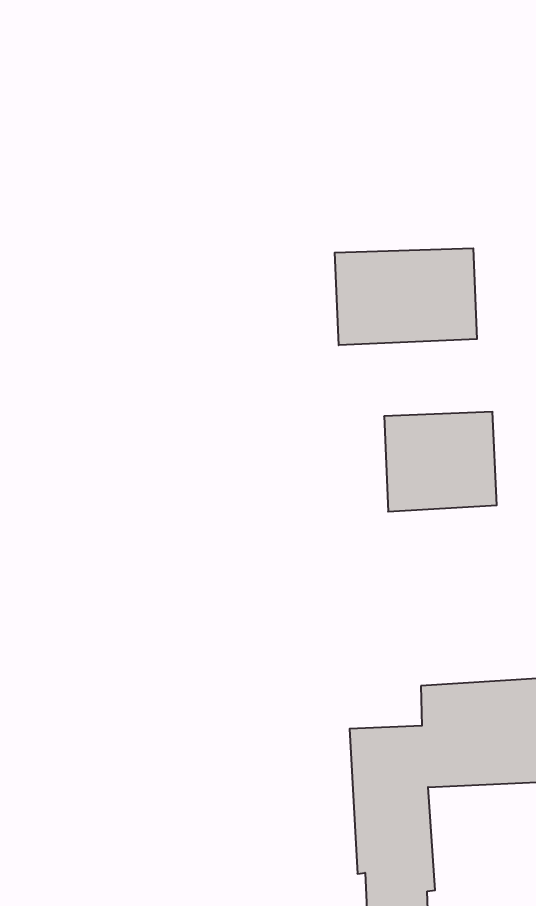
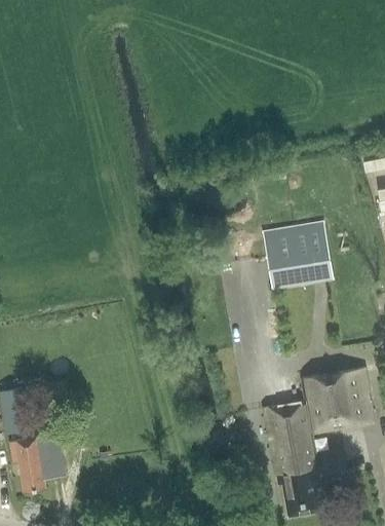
building: [335,248,477,345] -> none

